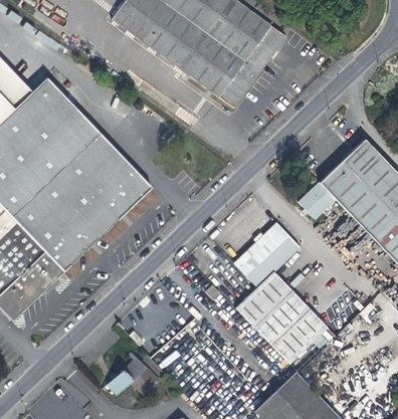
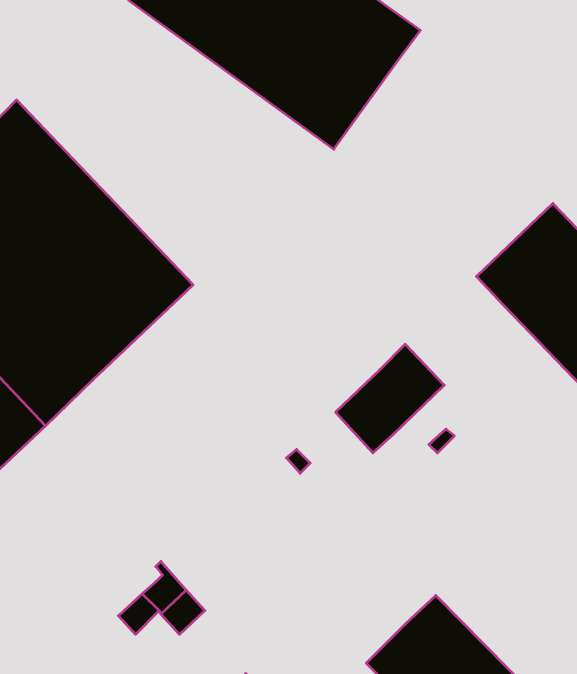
building: [301,183,336,218] -> none
building: [236,276,330,364] -> none

